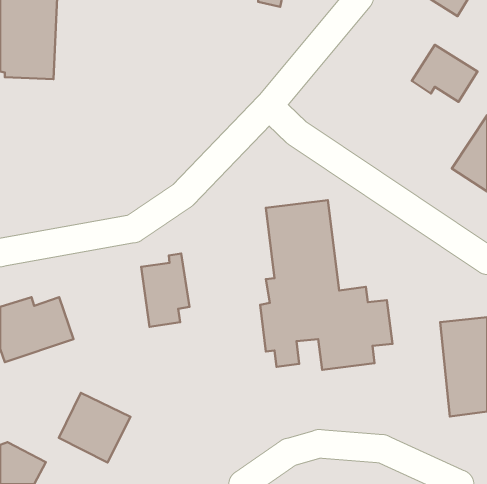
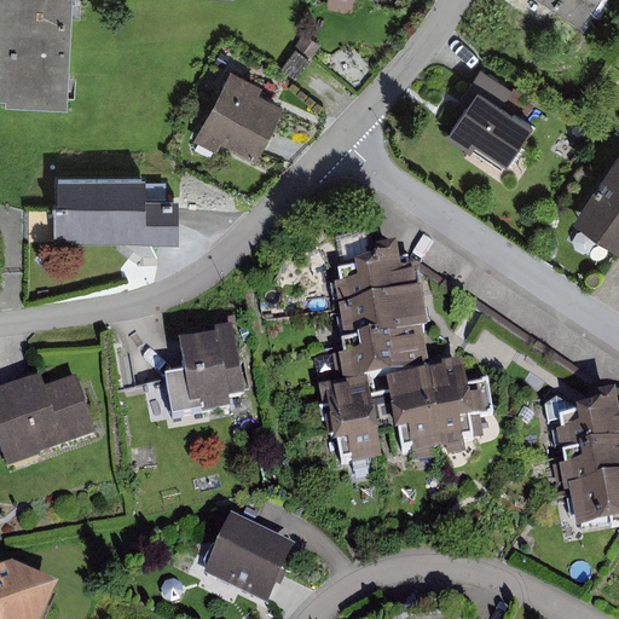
building: [412,45,478,102] -> [446,85,530,157]
building: none -> [197,73,282,152]
building: none -> [57,174,178,236]
building: [59,393,130,463] -> [206,515,296,603]

